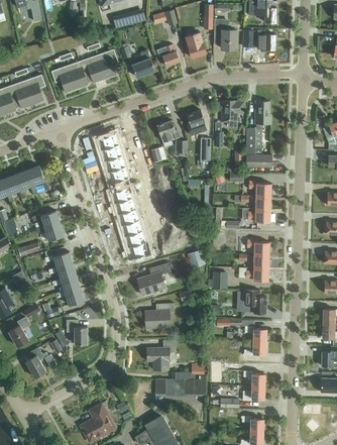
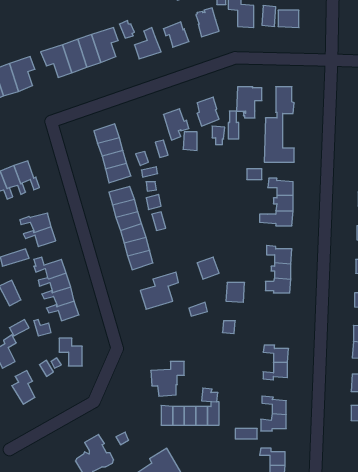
building: [243,290,266,313] -> none
building: [145,303,175,328] -> none

